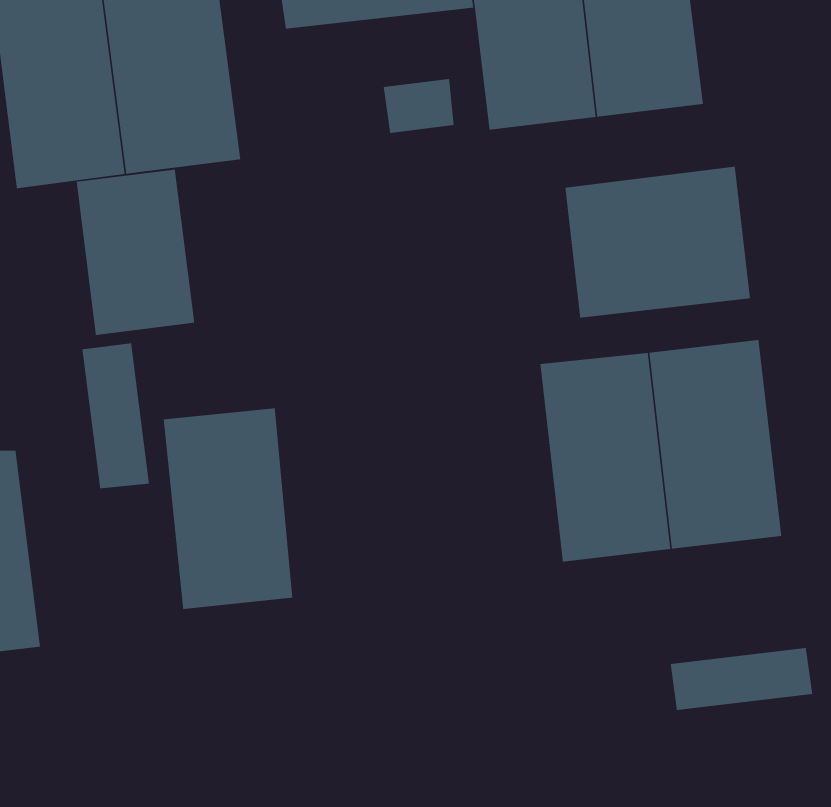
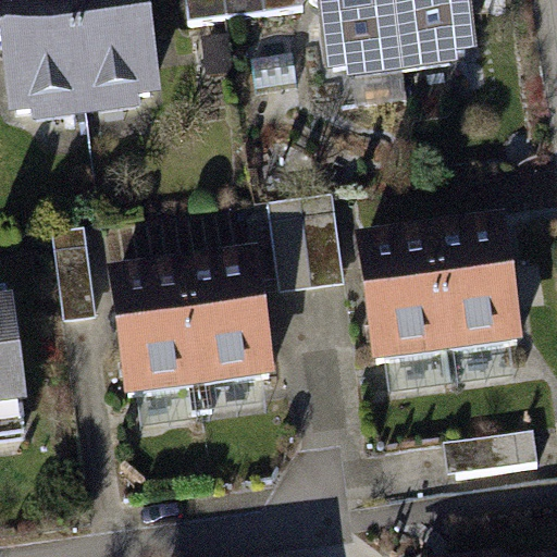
building: [565,166,751,318] -> none
building: [76,169,195,336] -> none
building: none -> [274,199,347,294]
building: none -> [184,264,274,399]

